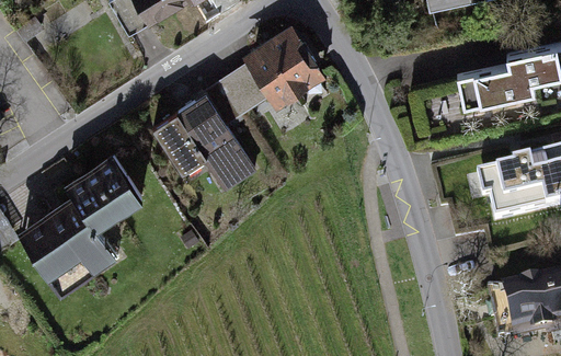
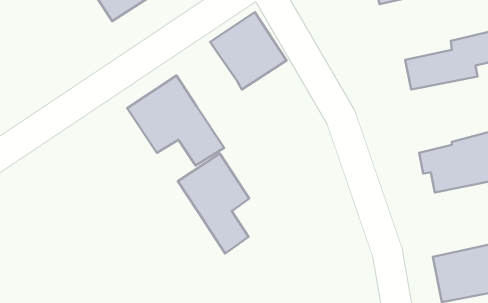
building: [207,66,274,127] -> none
building: [19,151,145,296] -> none
building: none -> [178,154,249,253]

